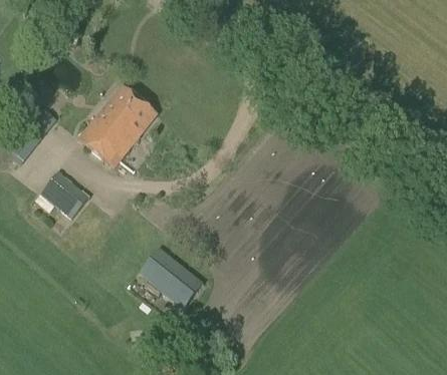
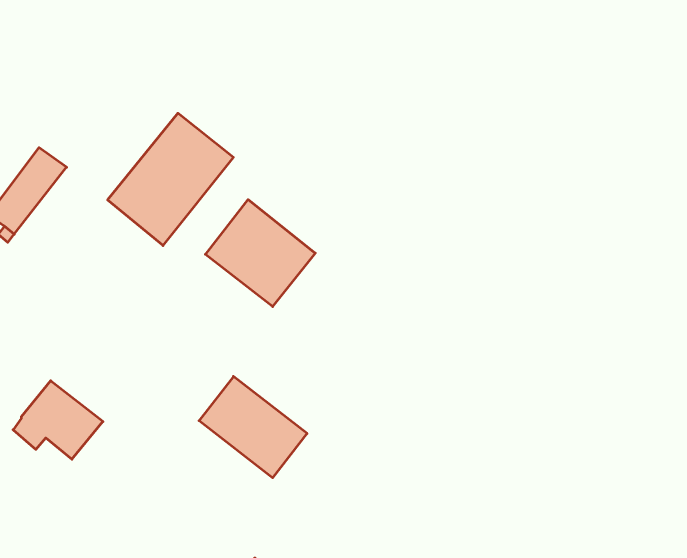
building: none -> [205,200,315,307]
building: [34,170,89,219] -> [13,381,103,459]

